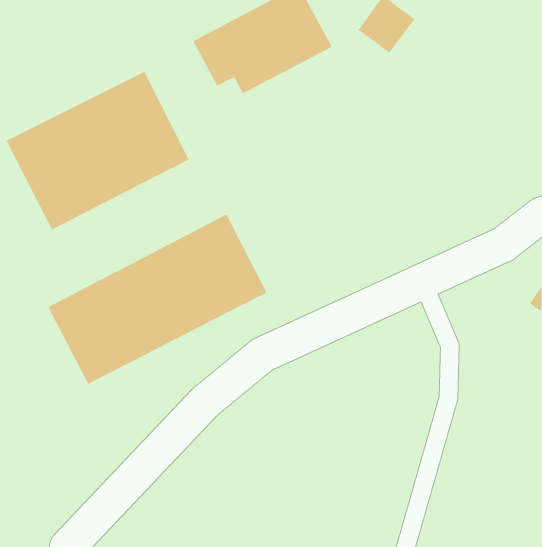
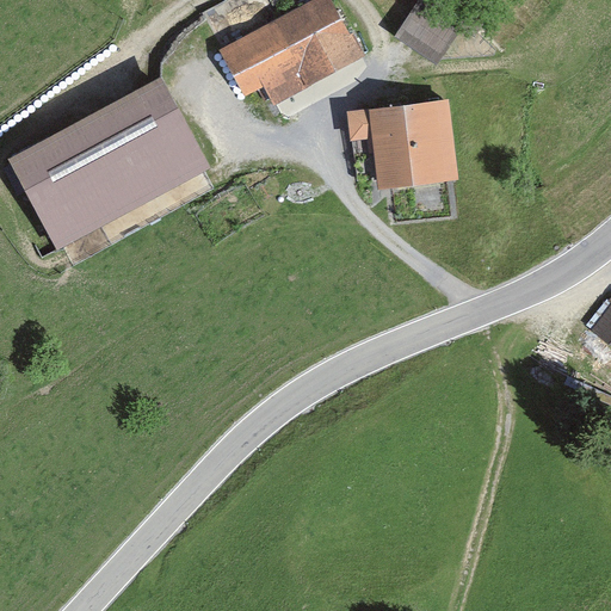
building: none -> [345,99,458,190]
building: [47,214,267,385] -> none

